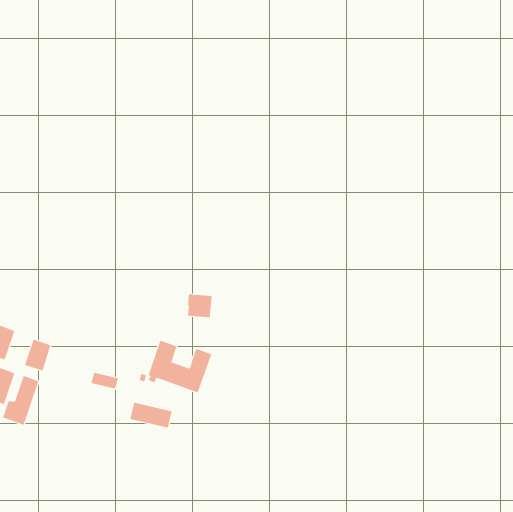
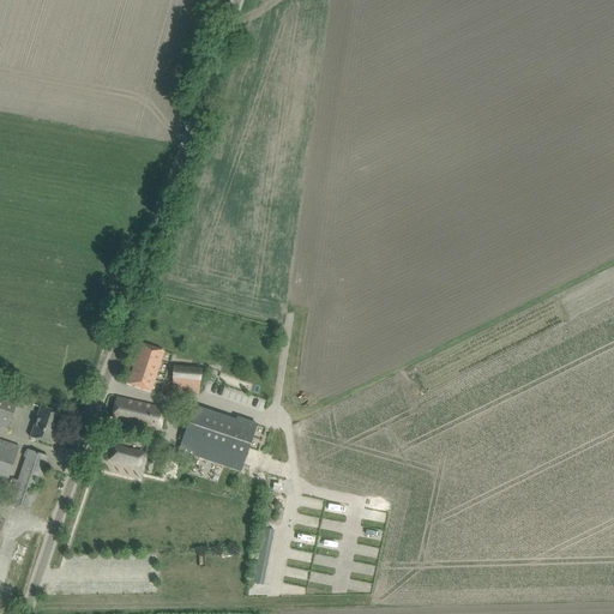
building: none -> [127,341,163,389]
building: [187,294,212,318] -> [170,365,200,393]
building: [129,402,173,428] -> [112,396,163,427]

